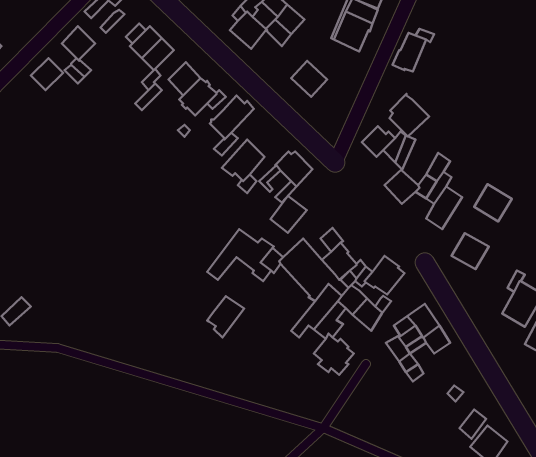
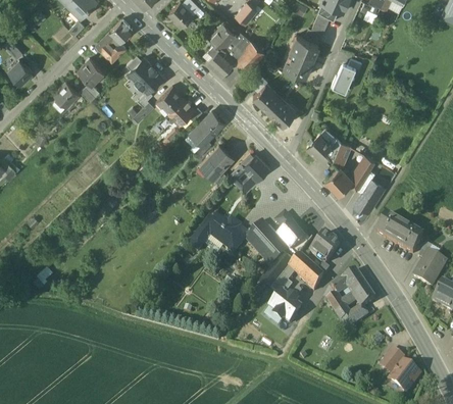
building: none -> [268,99,297,127]
building: [389,94,429,136] -> none
building: [474,184,512,222] -> [394,226,422,255]
building: [270,196,307,233] -> none
building: [207,296,244,337] -> none

